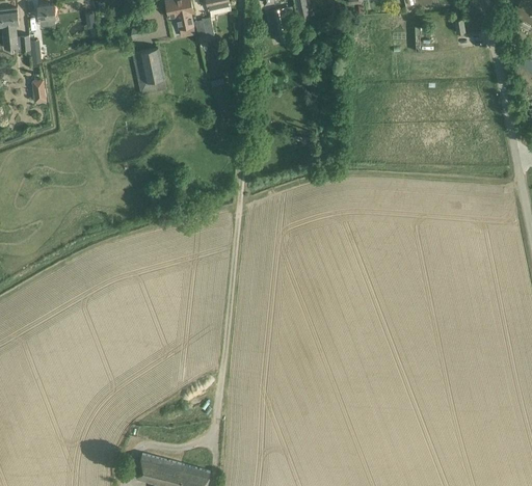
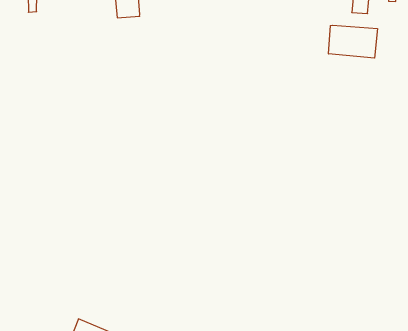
building: none -> [329,25,377,58]

